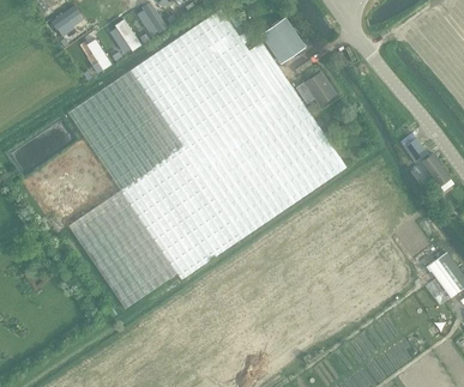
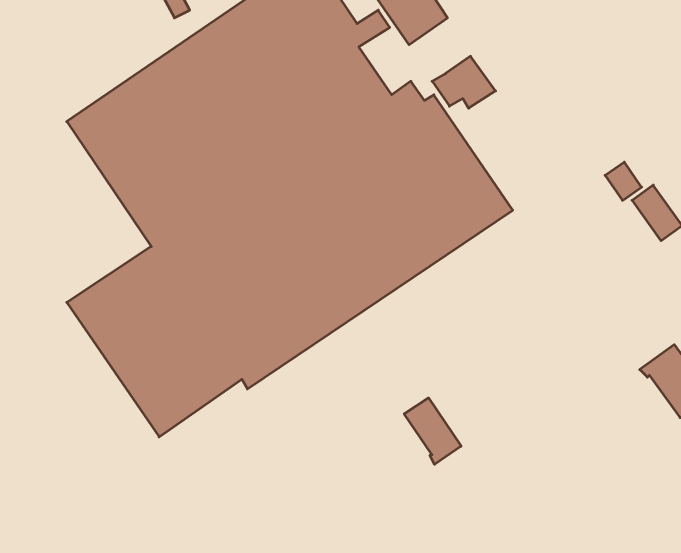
building: [251,54,297,99] -> none
building: none -> [404,398,461,464]

